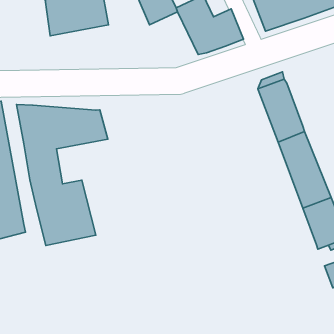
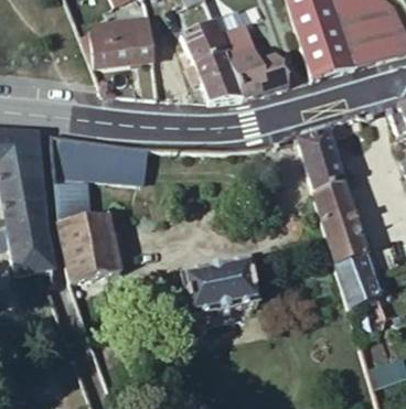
building: none -> [194,53,242,104]
building: none -> [182,260,260,321]

